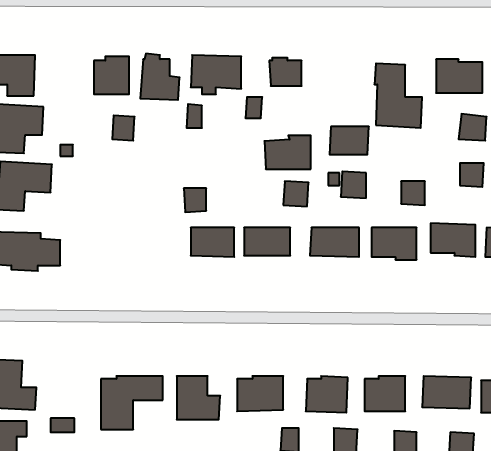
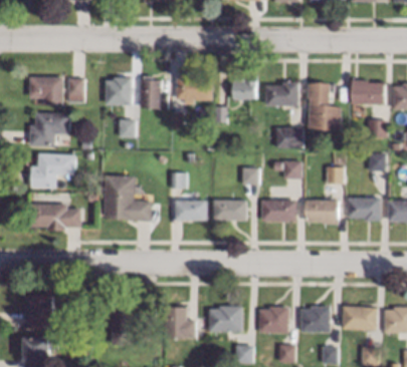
building: none -> [68,78,84,102]
building: [264,135,311,169] -> [264,81,297,105]
building: none -> [104,174,152,221]

